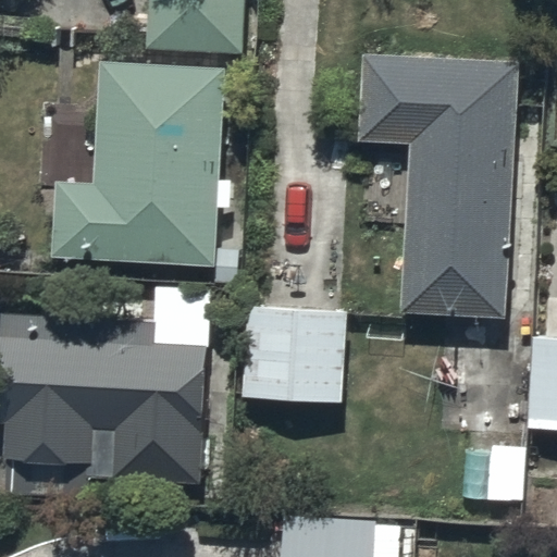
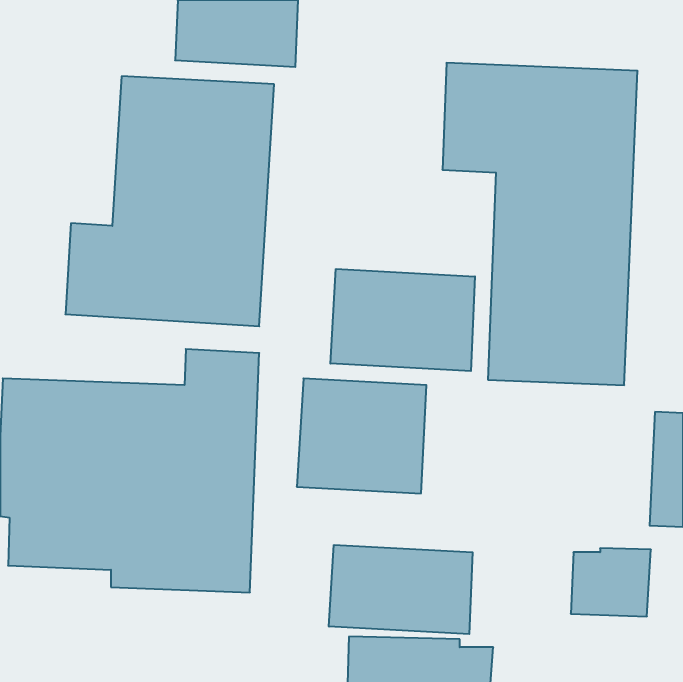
building: none -> [330,269,475,371]
building: none -> [329,545,473,634]

